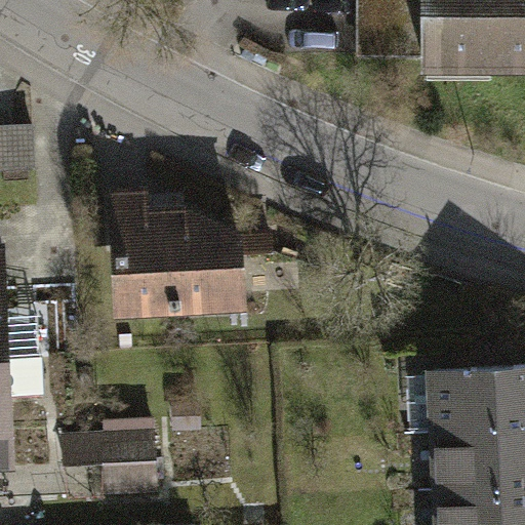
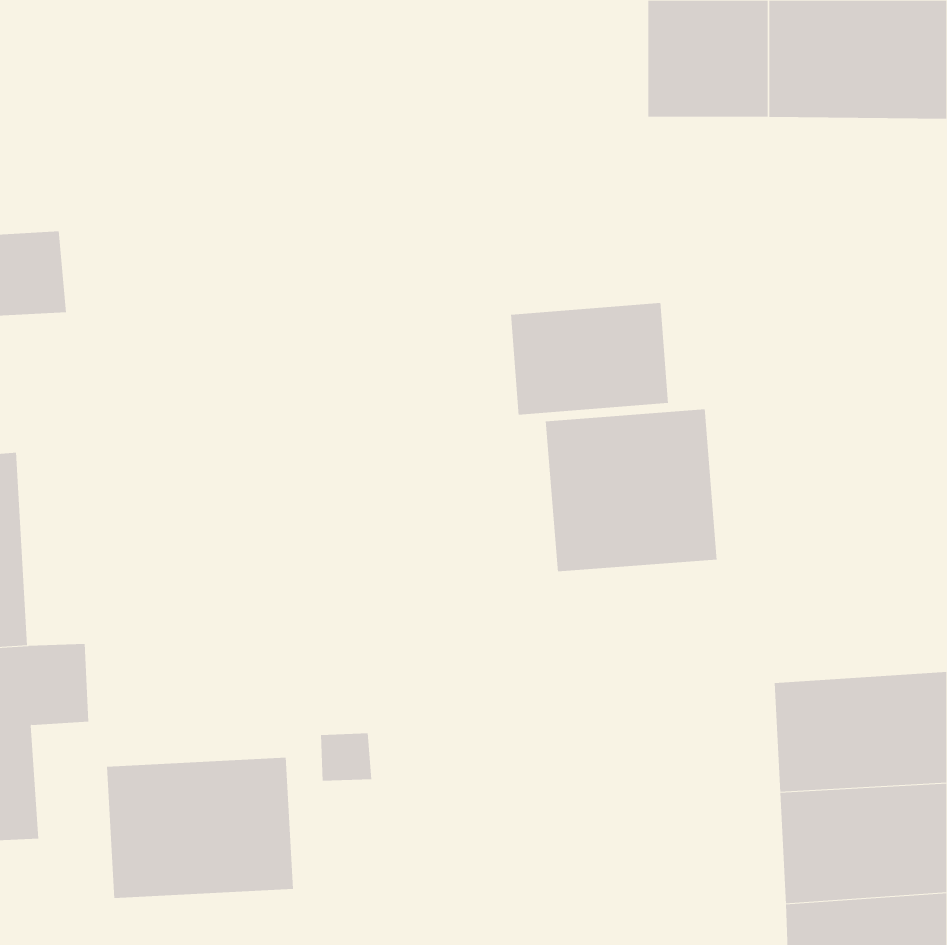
building: none -> [511,302,668,416]
building: [110,191,253,317] -> none
building: none -> [545,408,717,572]

